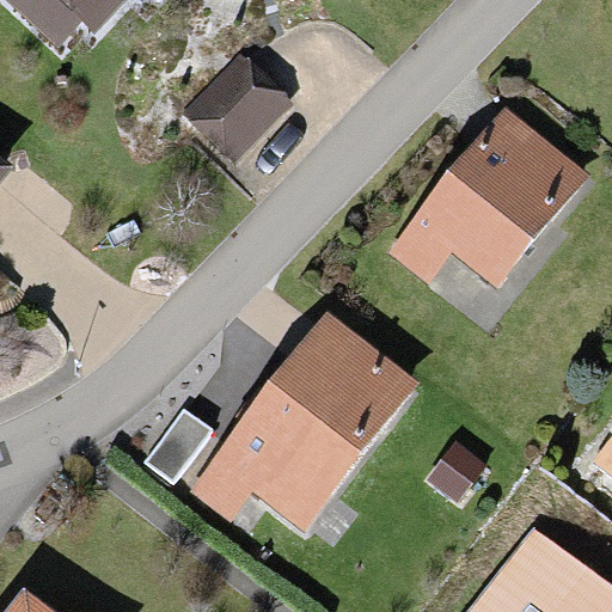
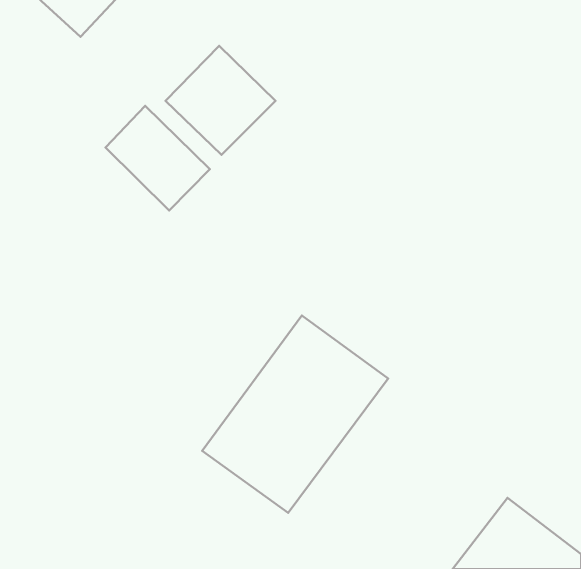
building: none -> [106,106,210,211]
building: [410,114,585,294] -> none

